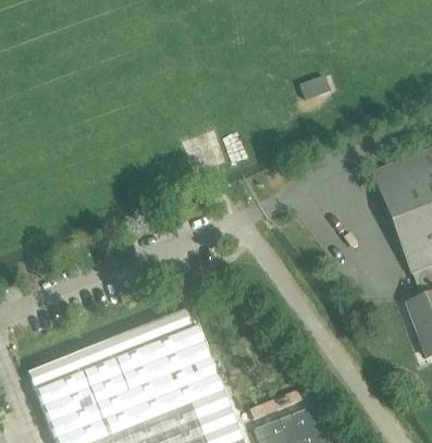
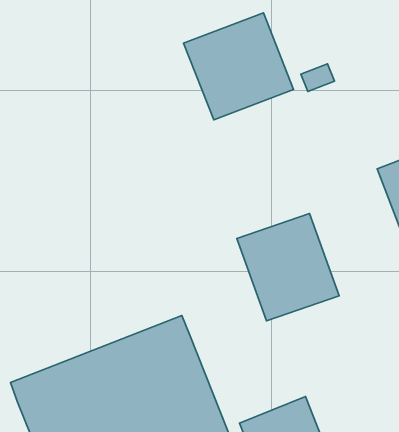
building: none -> [184,13,294,120]
building: none -> [237,213,339,321]

